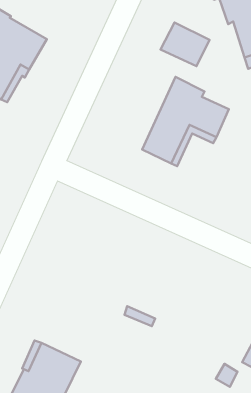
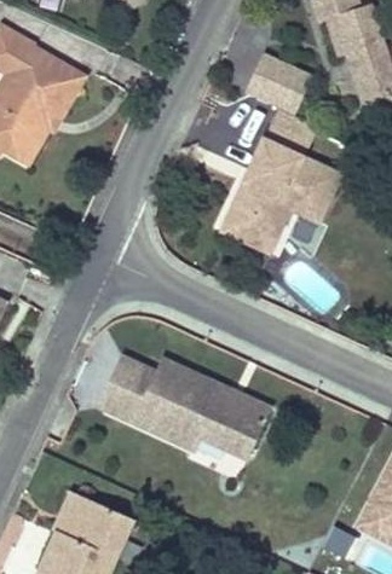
building: none -> [102,356,269,458]

